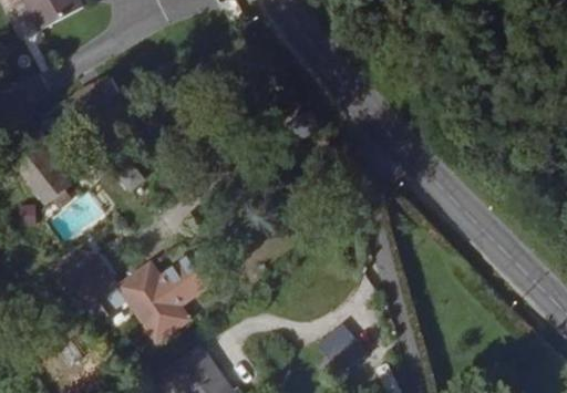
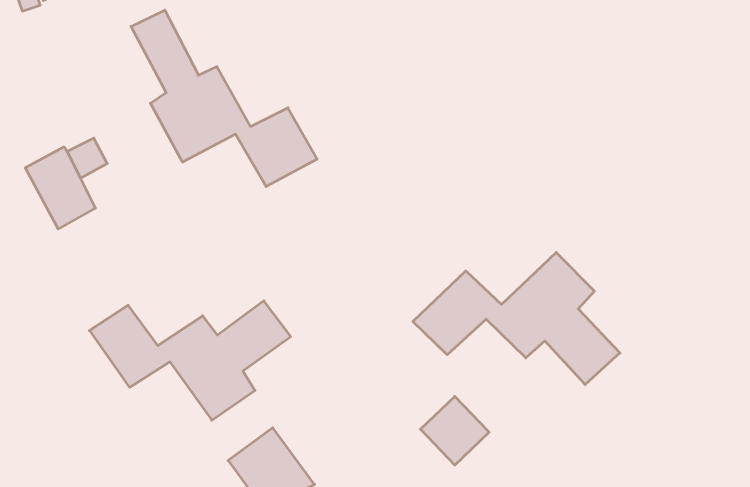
building: none -> [131,10,317,187]
building: none -> [413,252,620,385]

